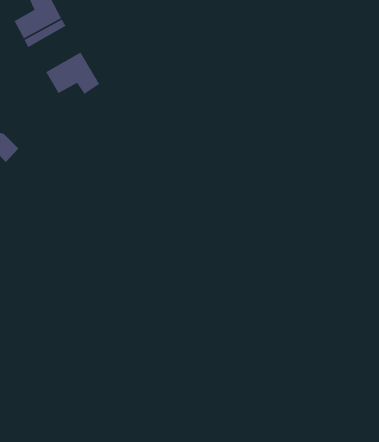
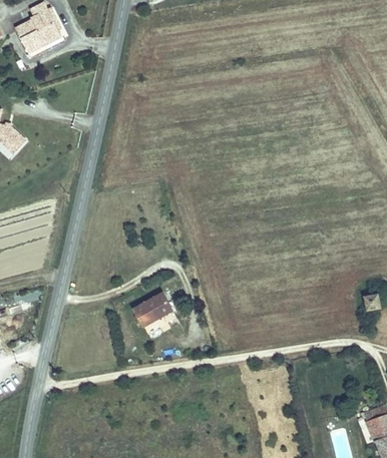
building: [45,51,100,95] -> none
building: none -> [135,293,173,325]

